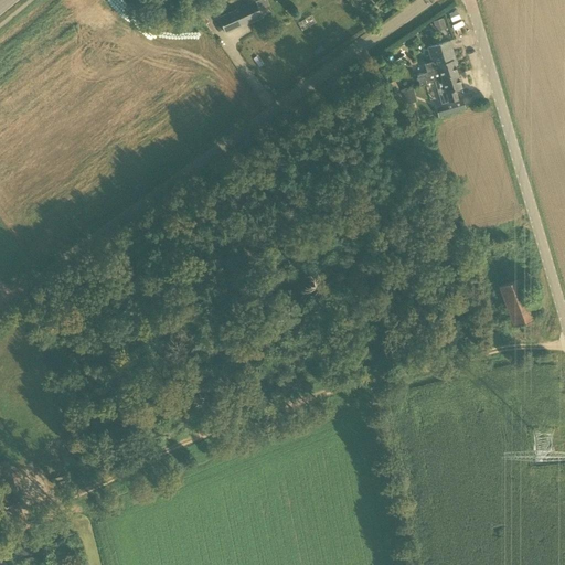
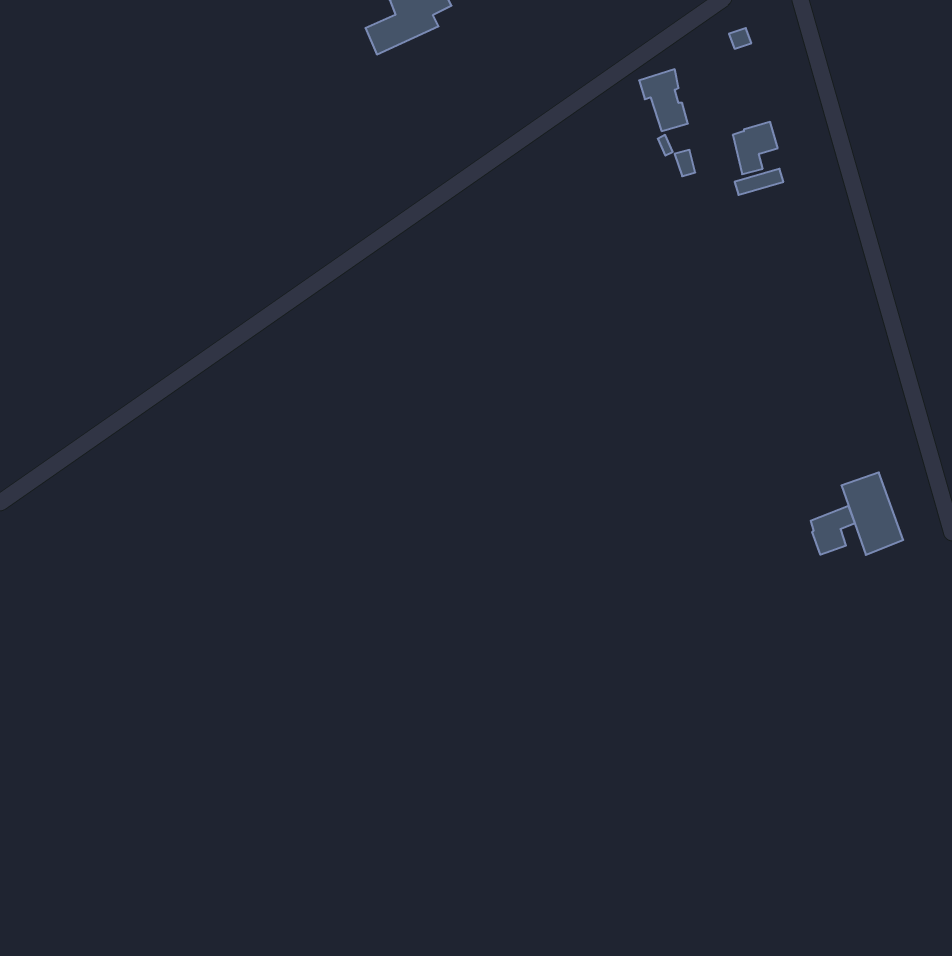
building: [425,40,454,76] -> [639,69,688,131]
building: none -> [811,506,855,555]

